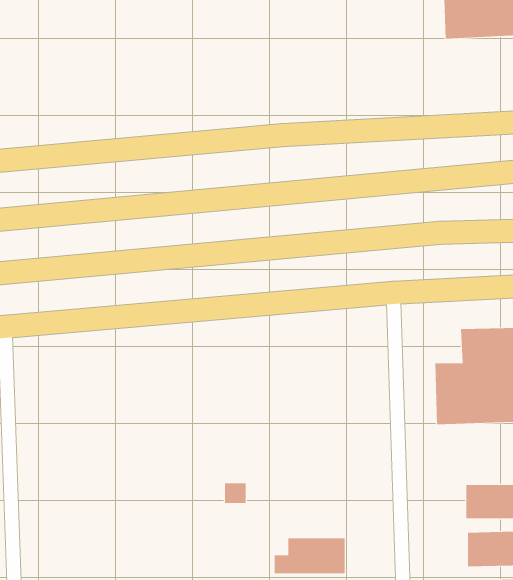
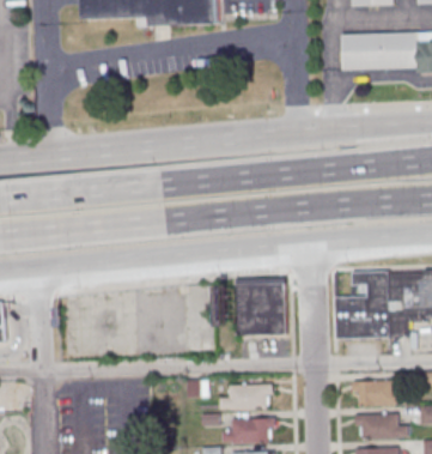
building: none -> [238,278,285,334]
building: none -> [219,385,270,408]

